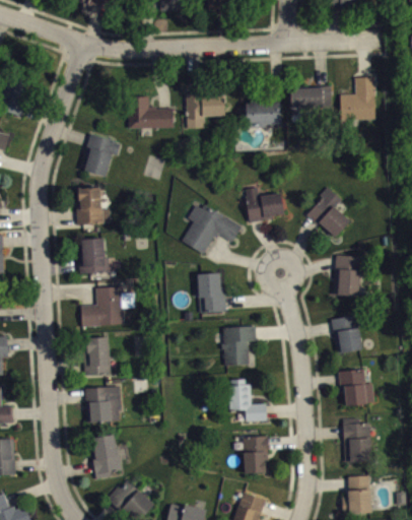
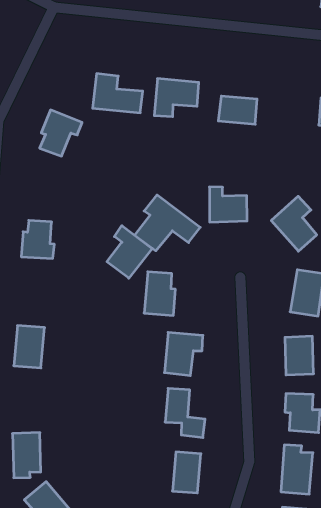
building: [290,86,333,109] -> none
building: [77,187,111,223] -> none
building: none -> [107,226,152,278]
building: [81,286,124,326] -> none
building: [86,386,121,421] -> none

